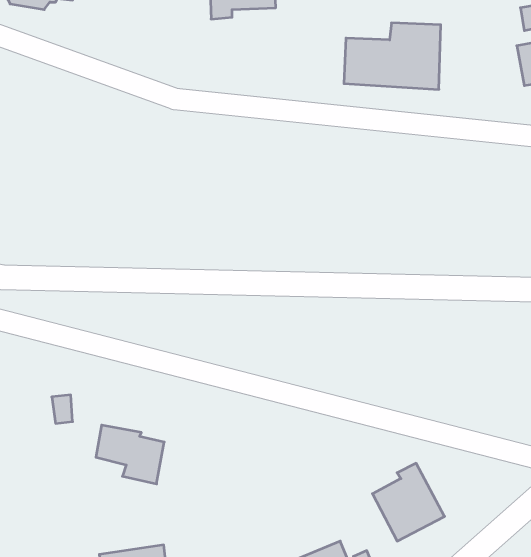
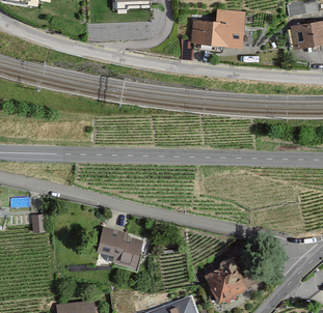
building: [96,425,164,484] -> [100,229,137,261]

